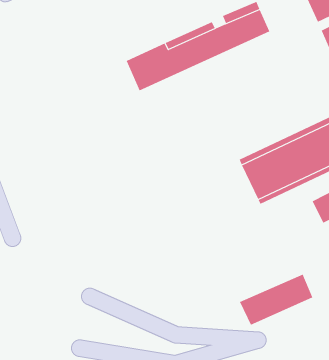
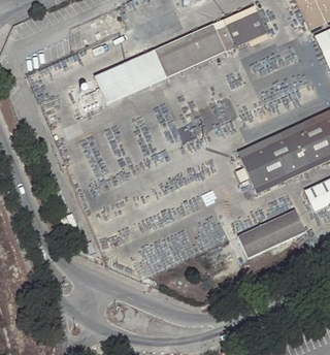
building: none -> [101,61,144,102]
building: [239,274,313,325] -> [236,211,304,258]

